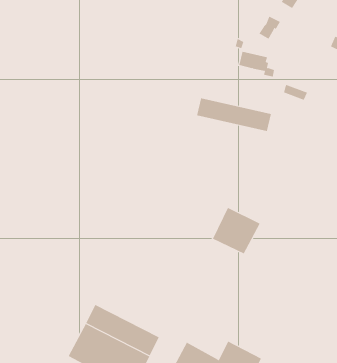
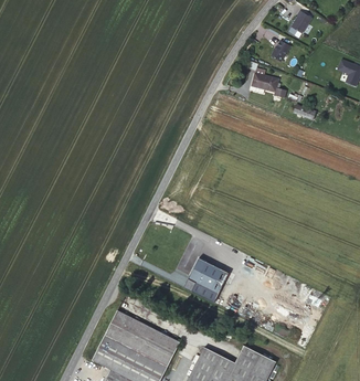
building: [197,97,272,132] -> none
building: [212,207,260,254] -> [183,258,229,303]

